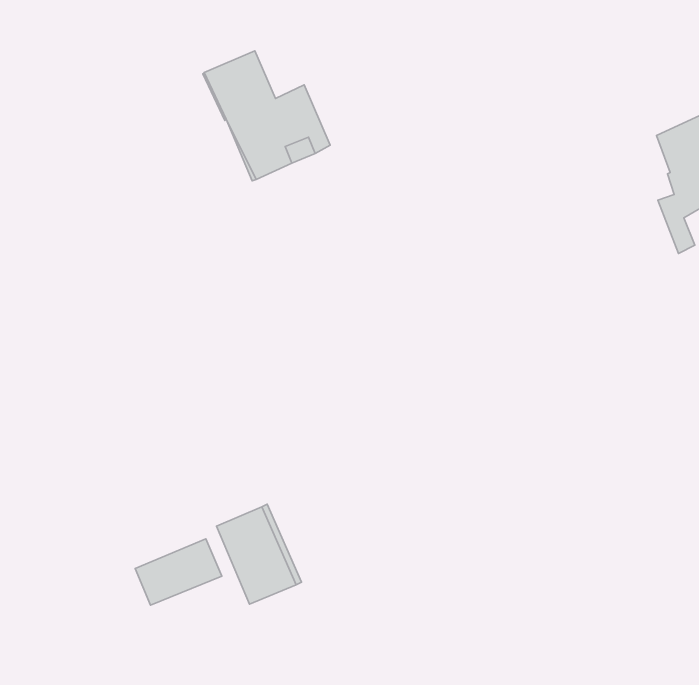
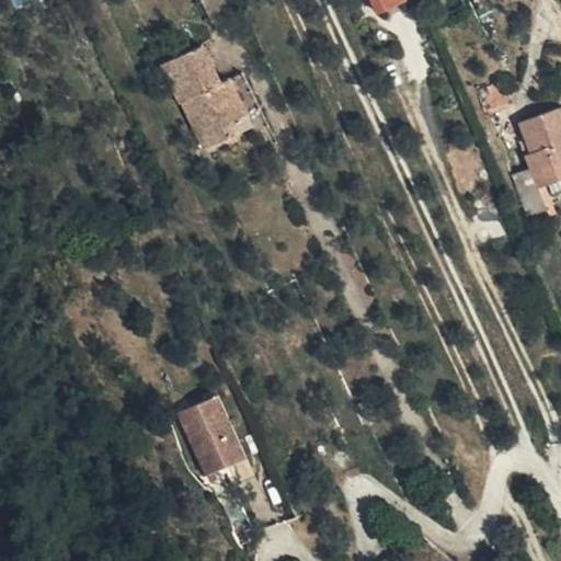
building: [135,539,222,605] -> none

